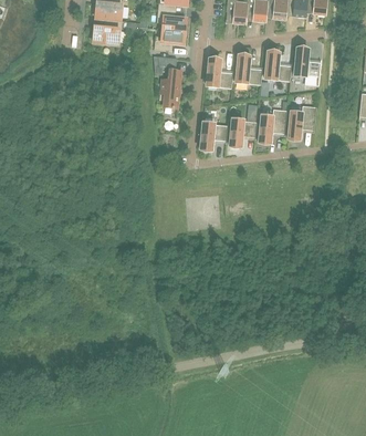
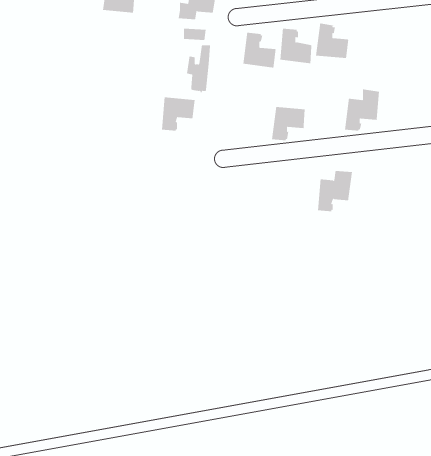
building: [294,49,321,85] -> none
building: [259,110,287,143] -> [317,171,353,212]
building: [200,123,228,150] -> [161,97,196,131]

